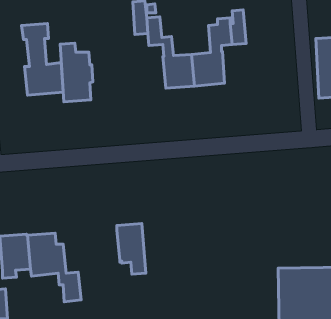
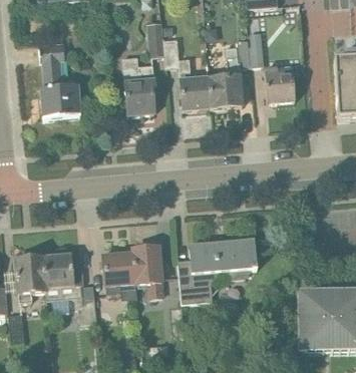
building: [60,43,93,102] -> [124,54,157,113]
building: none -> [265,64,296,100]
building: none -> [179,237,257,301]
building: none -> [105,252,137,292]

